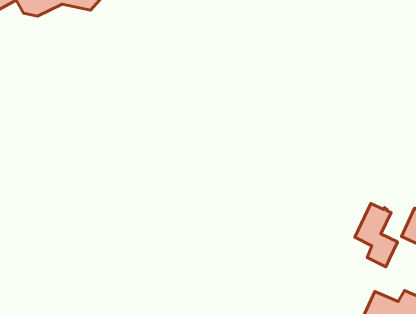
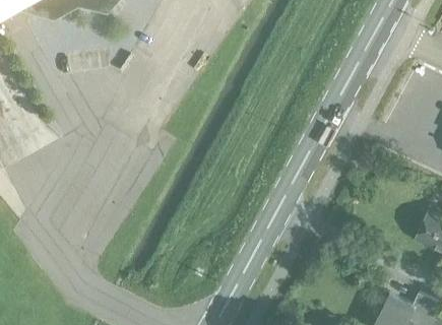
building: [355,203,397,267] -> none

